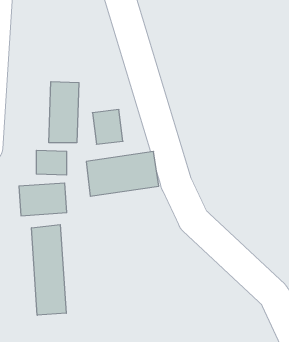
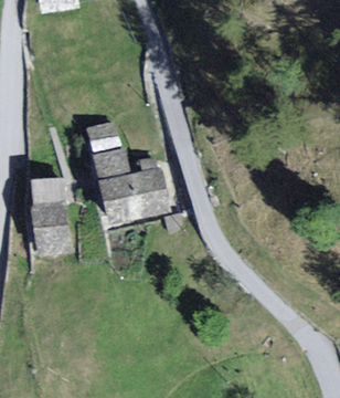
building: [49,82,79,143] -> none
building: [32,225,66,315] -> none

